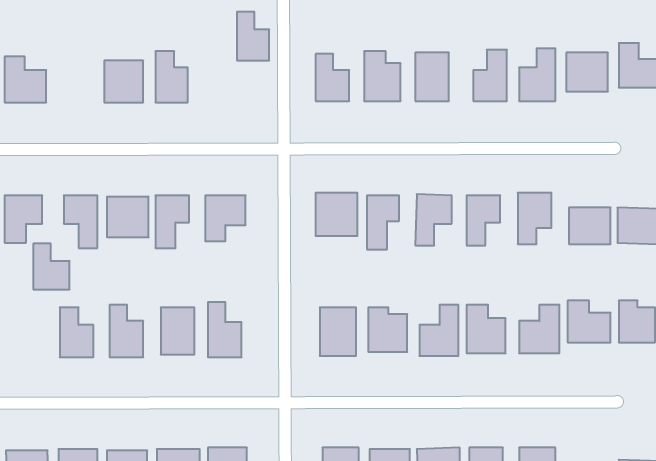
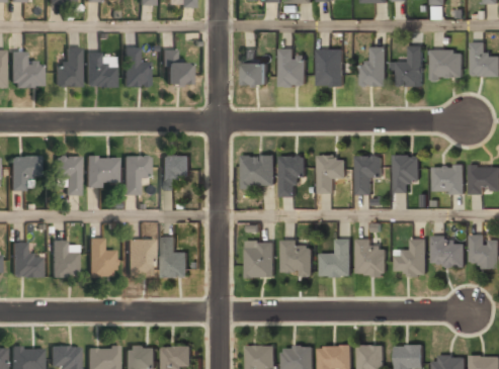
building: [237,12,269,60] -> [161,49,185,85]
building: none -> [53,48,78,86]
building: [33,244,70,289] -> [11,243,38,277]

